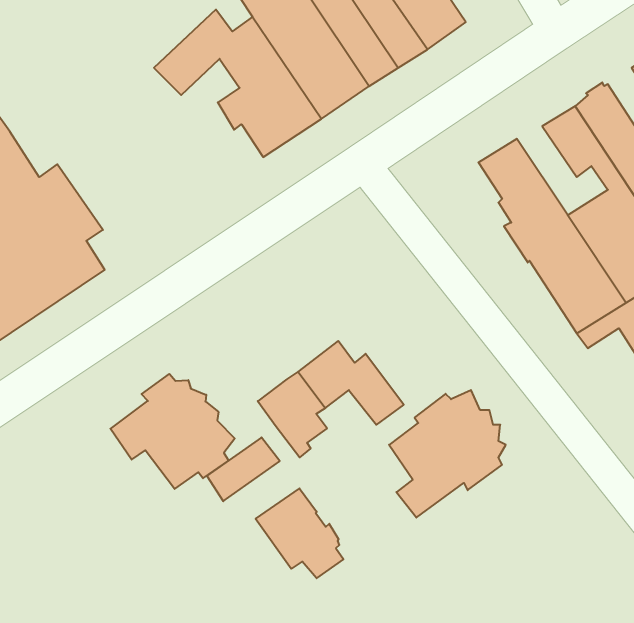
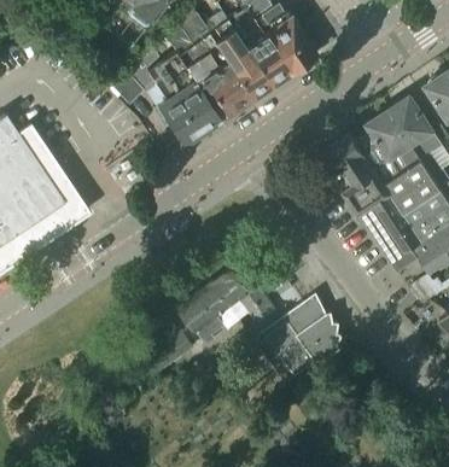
building: [110,374,235,489] -> none
building: [256,488,343,578] -> none

